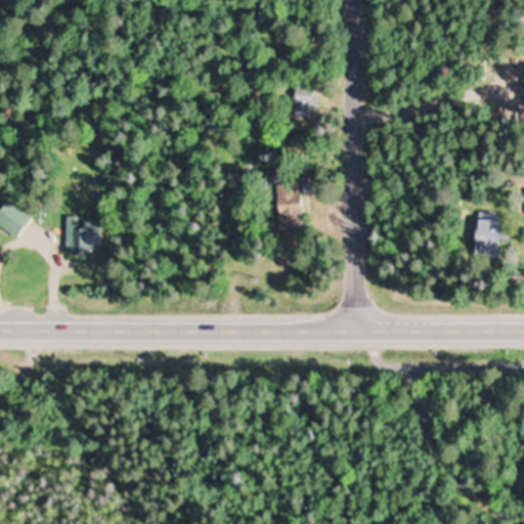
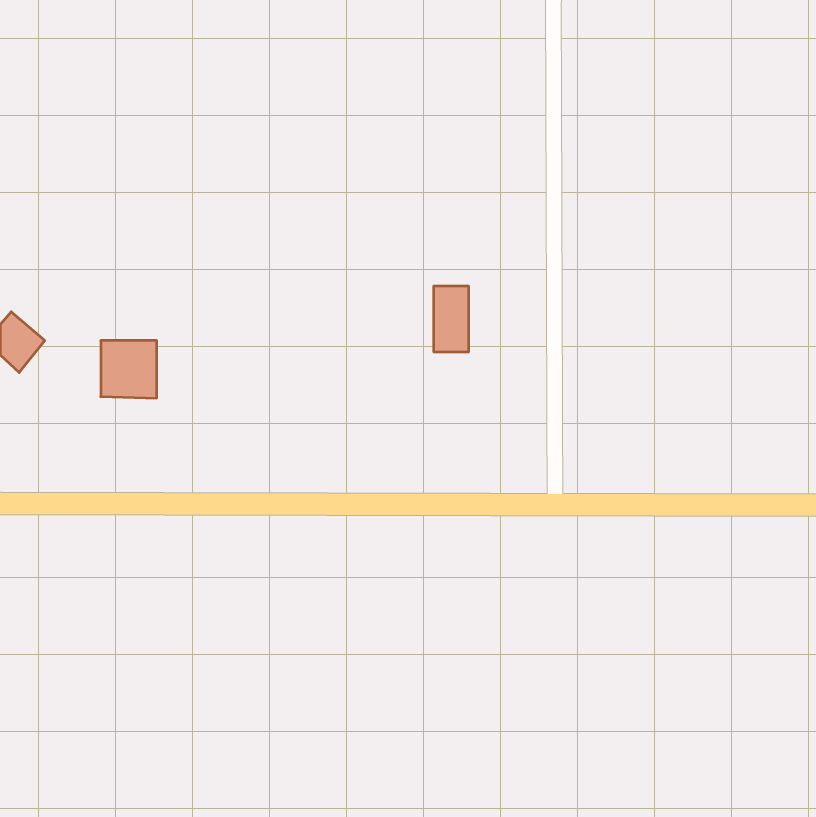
building: [296,86,316,119] -> none
building: [474,220,510,252] -> none

